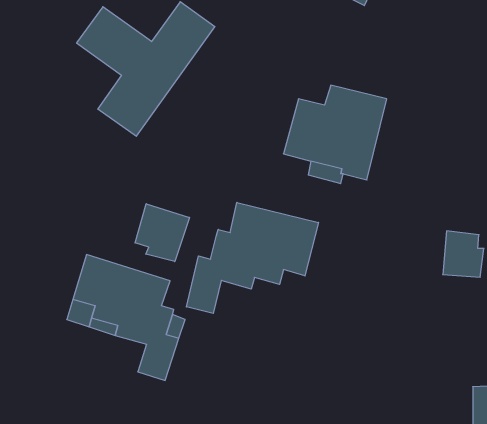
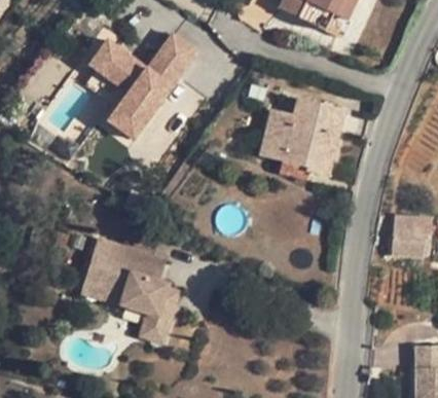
building: [186,202,318,313] -> none
building: [135,204,189,262] -> none

